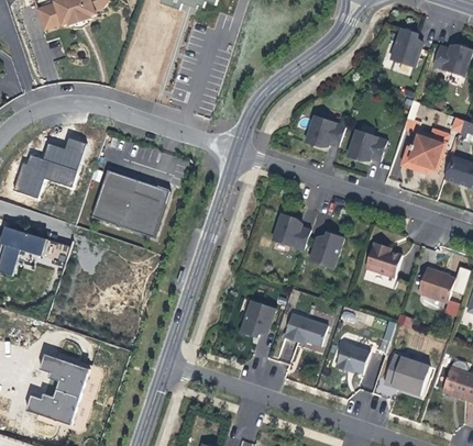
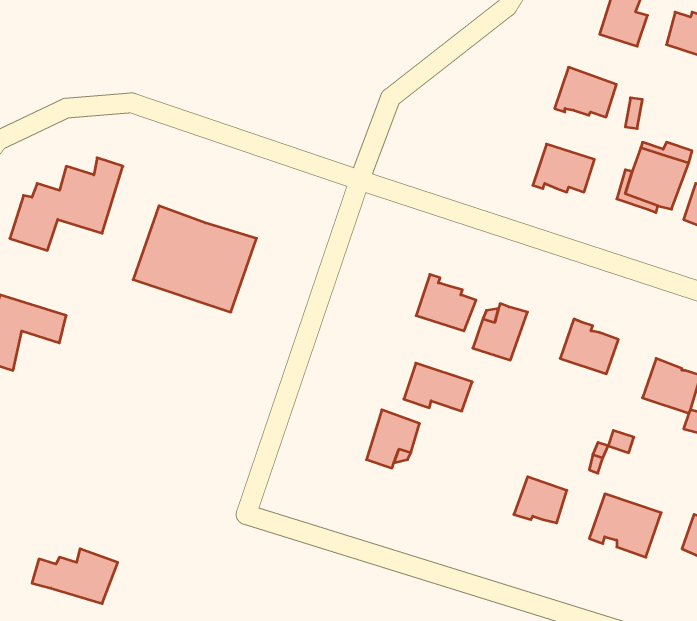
building: [306,115,345,147] -> [555,67,616,117]
building: [284,314,328,345] -> [404,363,472,411]
building: [41,354,89,398] -> none

